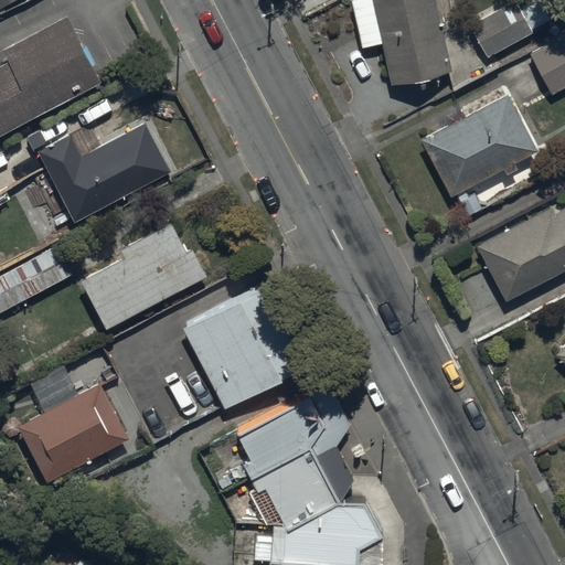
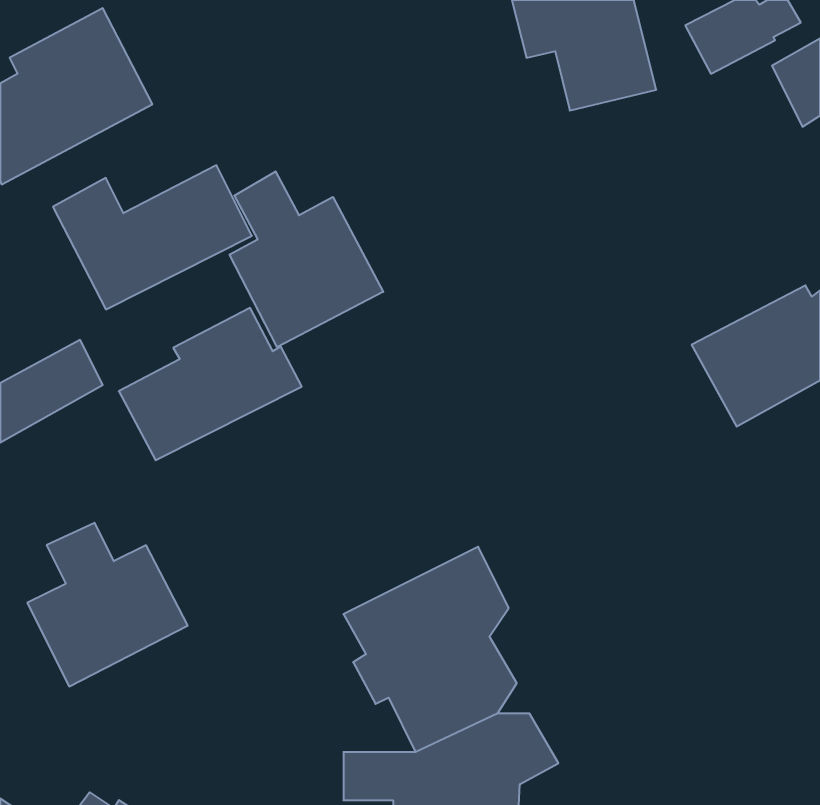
building: [422,95,537,200] -> none
building: none -> [230,171,383,347]
building: [181,285,311,411] -> none

